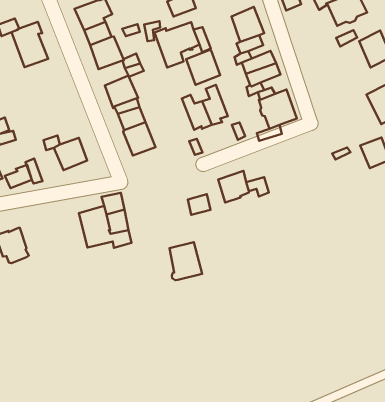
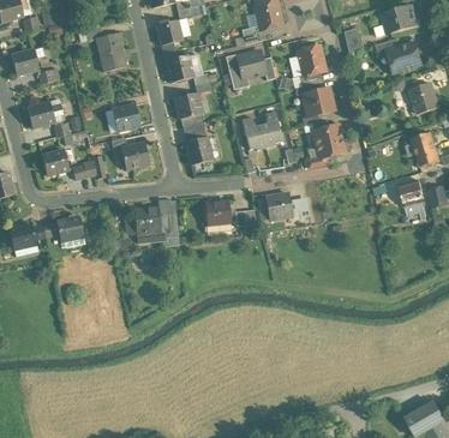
building: [186,50,220,85] -> none
building: none -> [110,103,139,131]
building: [170,242,202,280] -> [203,199,231,232]

